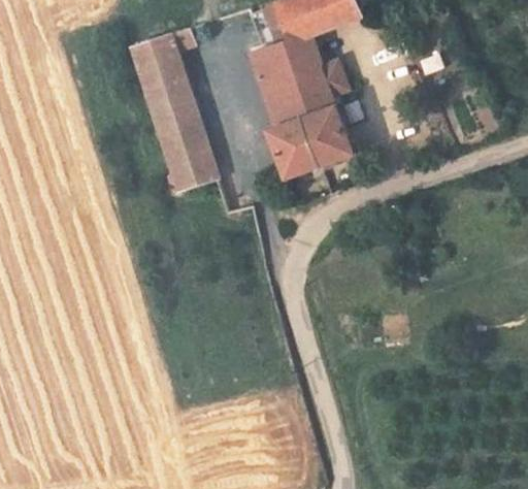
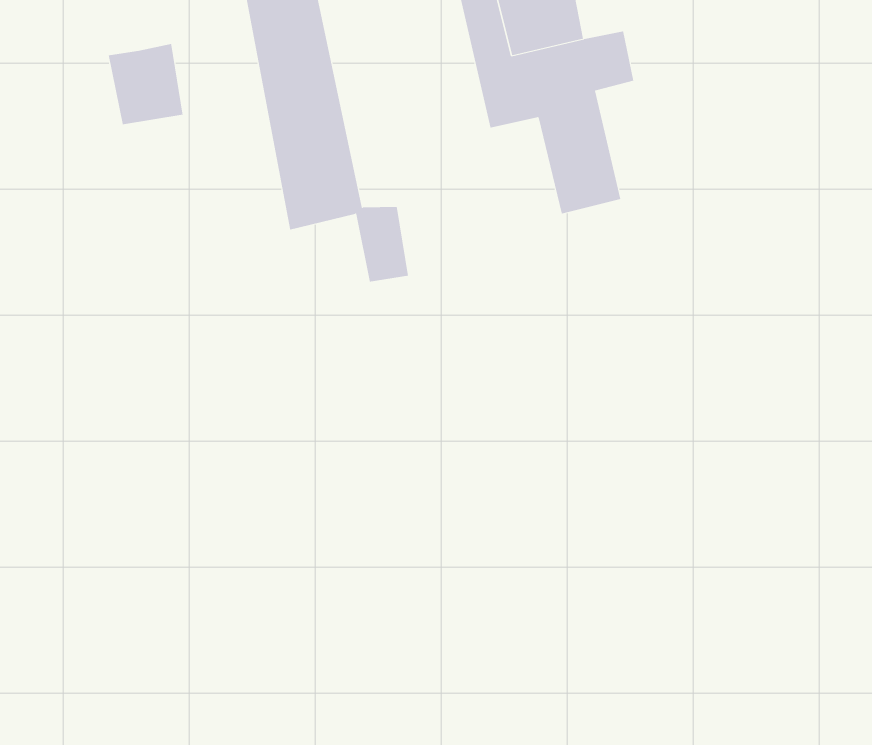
building: none -> [108,43,183,125]
building: [269,112,322,175] -> none

